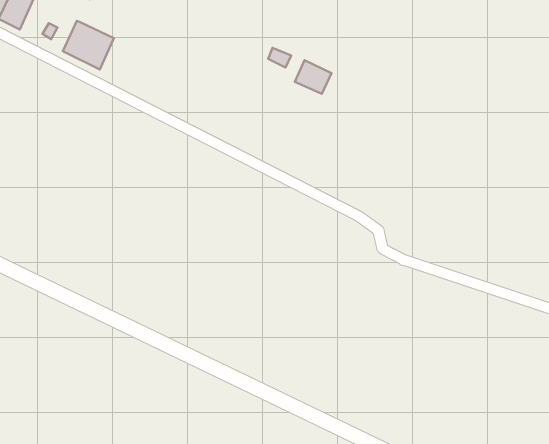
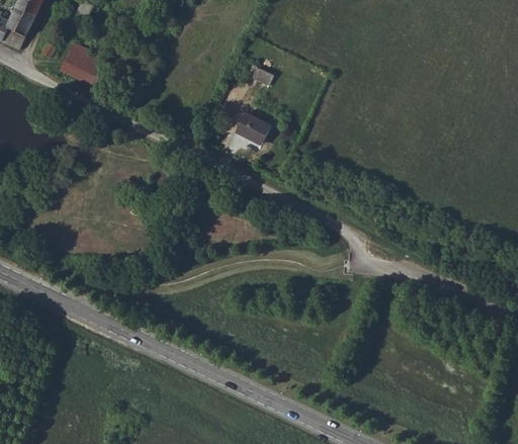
building: [295,60,331,94] -> [235,113,269,145]

